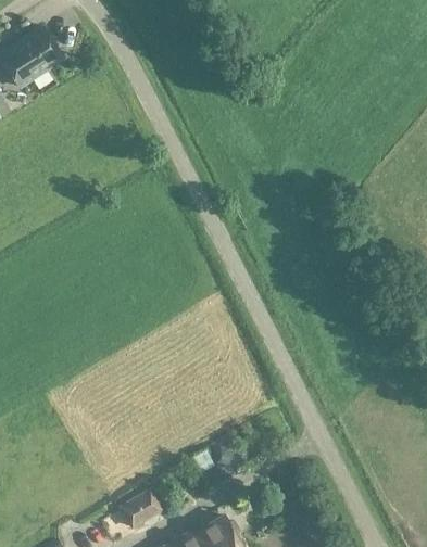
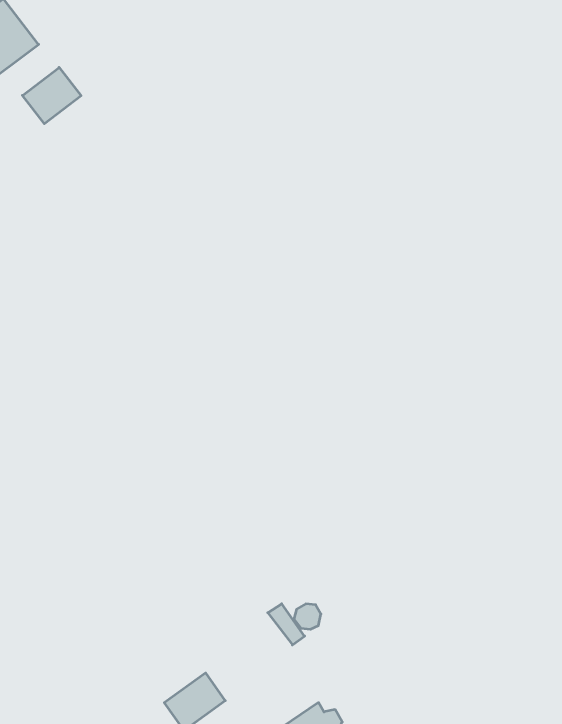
building: none -> [22,67,81,124]

